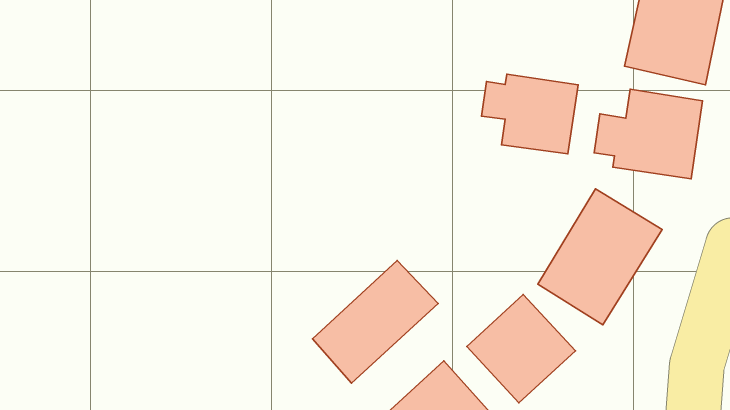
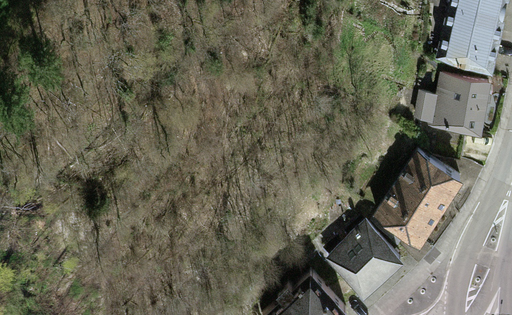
building: [481,74,578,154] -> none
building: [312,261,438,383] -> none

